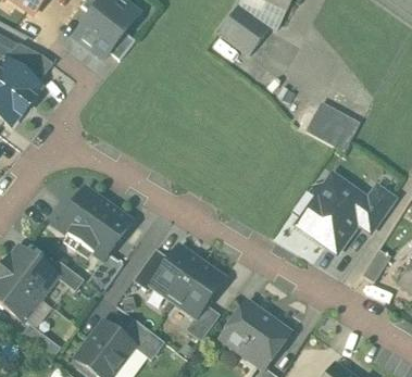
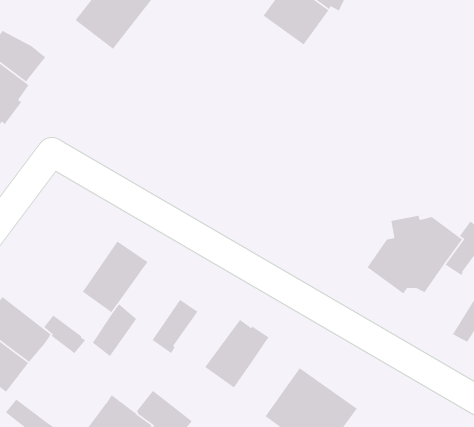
building: [304,103,358,151] -> none
building: [57,188,107,242] -> none
building: [150,246,200,300] -> none
building: [185,303,220,340] -> none

